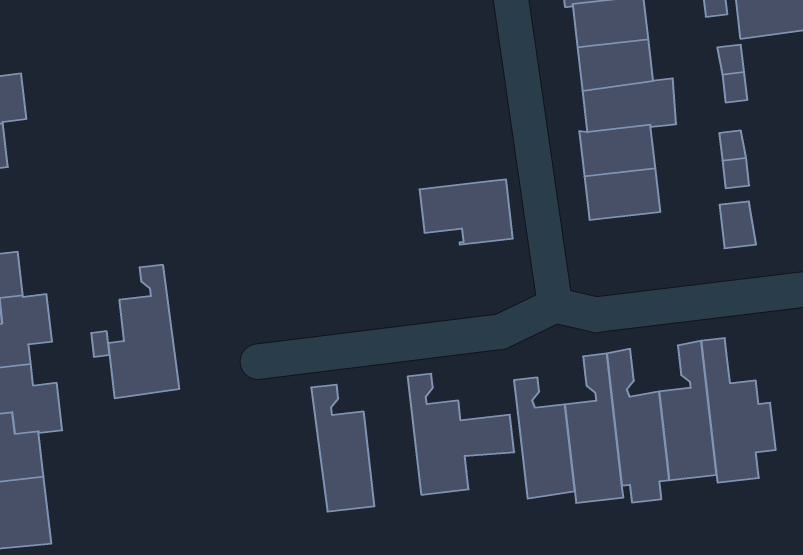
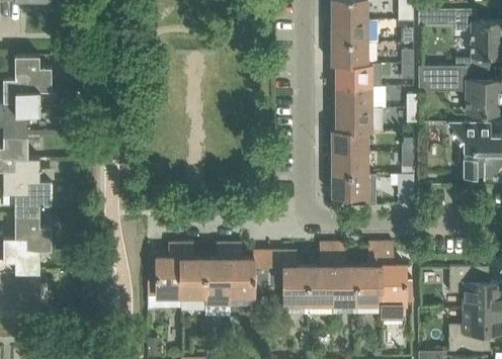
building: [419,179,513,245] -> [331,175,375,205]
building: [108,265,179,398] -> [148,244,181,308]
building: none -> [205,244,230,316]

